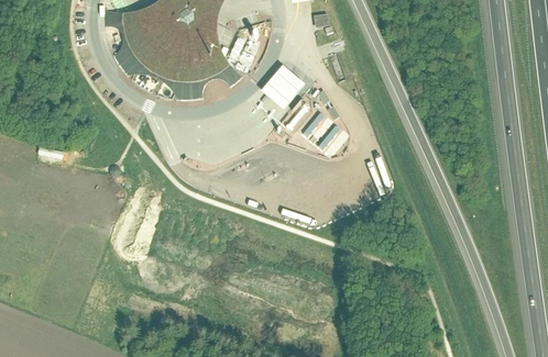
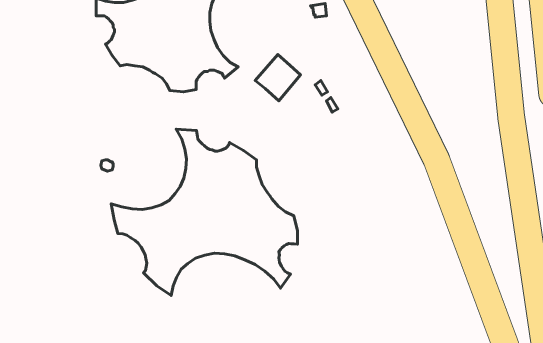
building: none -> [111,129,298,295]

